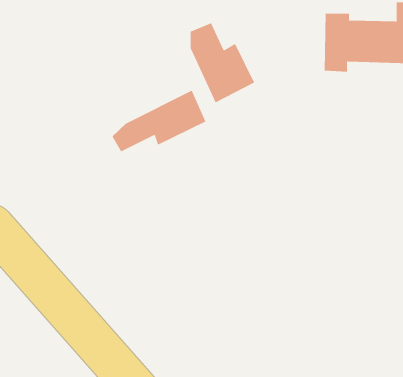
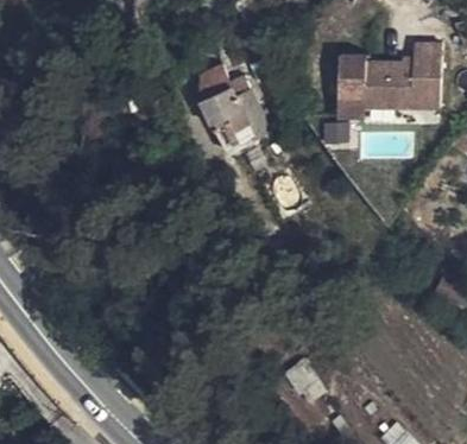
building: [112,89,206,152] -> none

